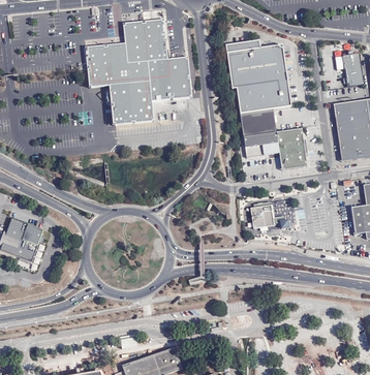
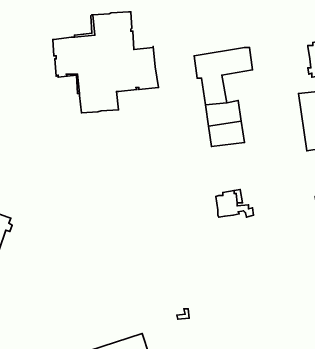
building: [225,39,284,65] -> none
building: [256,80,290,113] -> none
building: [276,128,307,169] -> none

